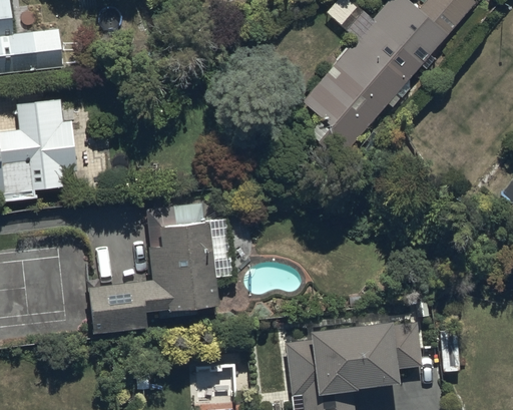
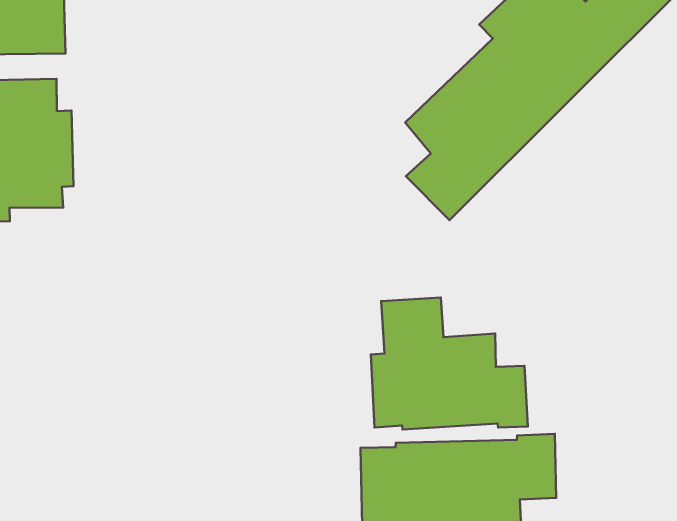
building: [85,203,232,337] -> none
building: none -> [371,298,528,430]

